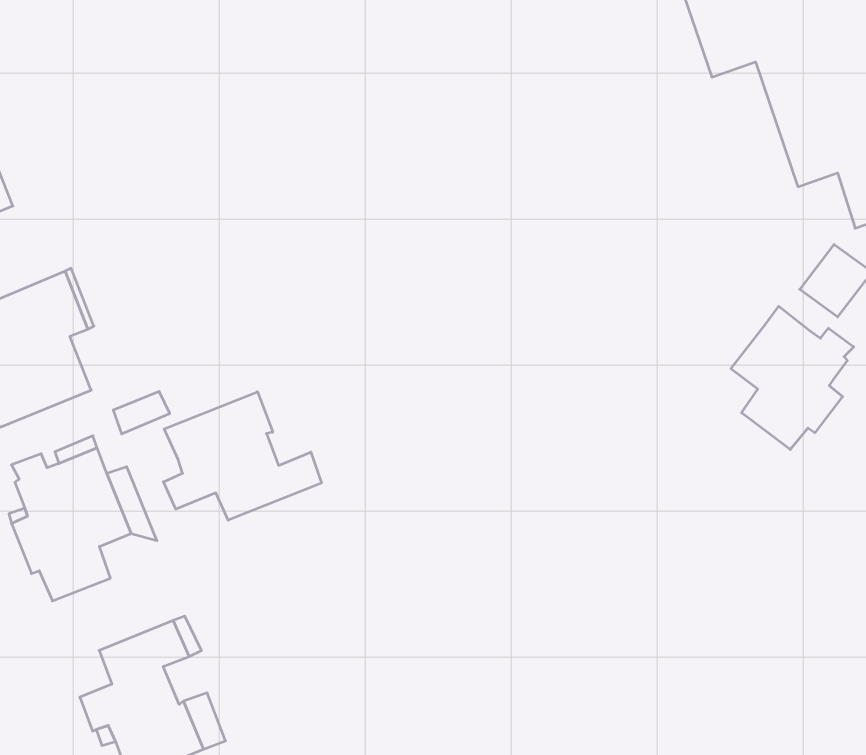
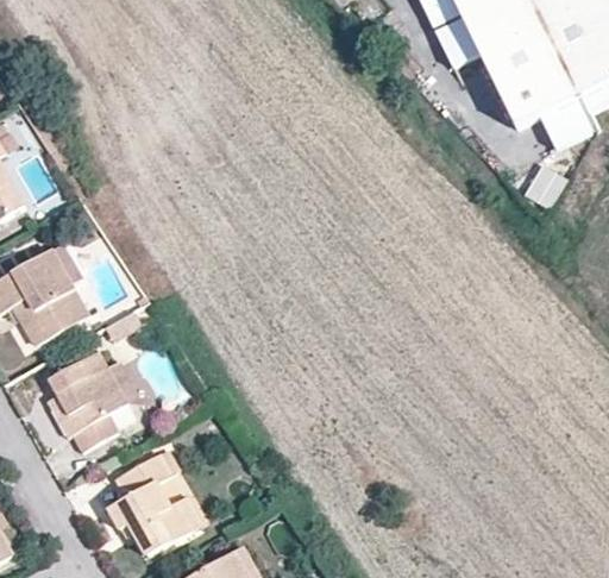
building: [731,306,854,450] -> none
building: [163,392,321,520] -> none

